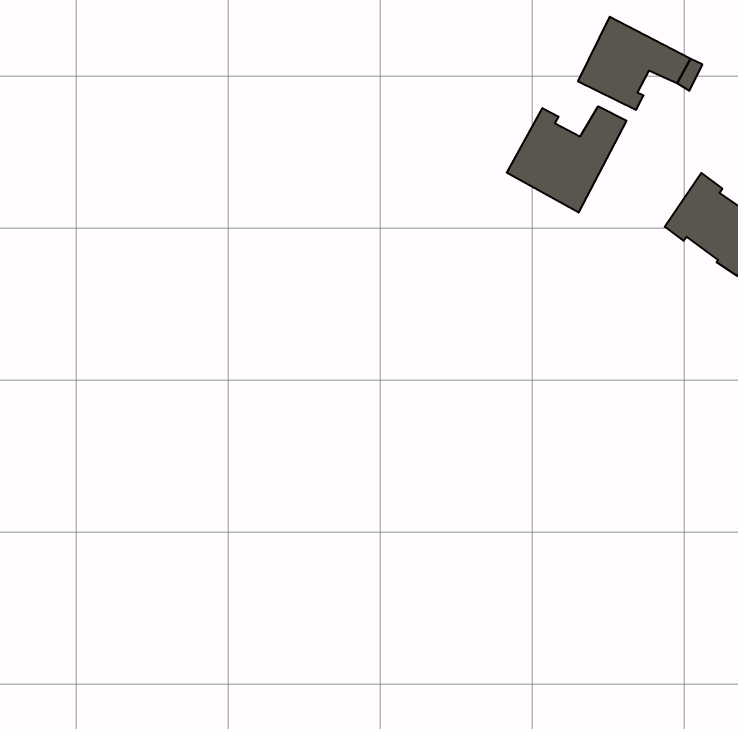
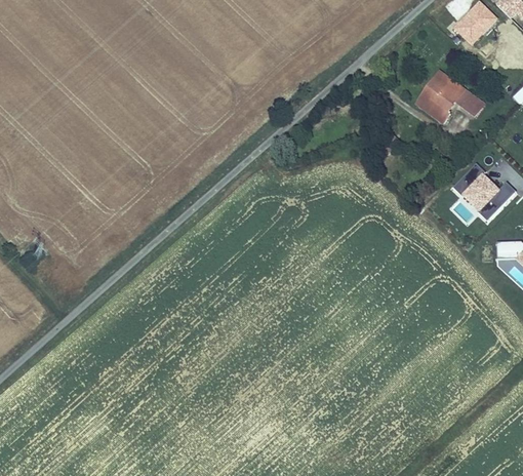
building: [507,106,626,213] -> none

